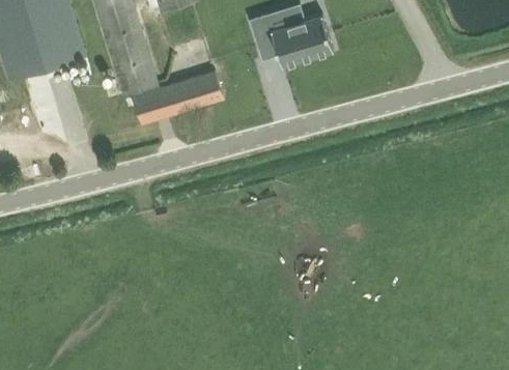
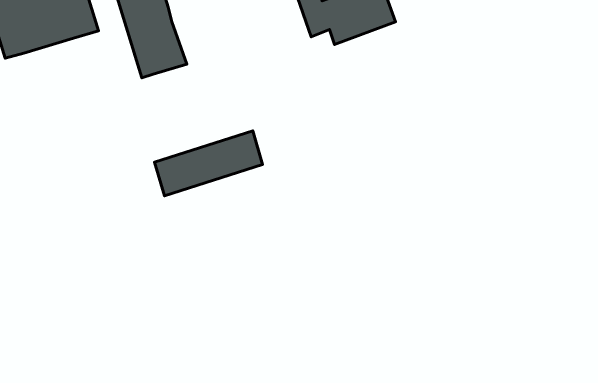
building: [132,69,222,123] -> [155,131,263,196]

